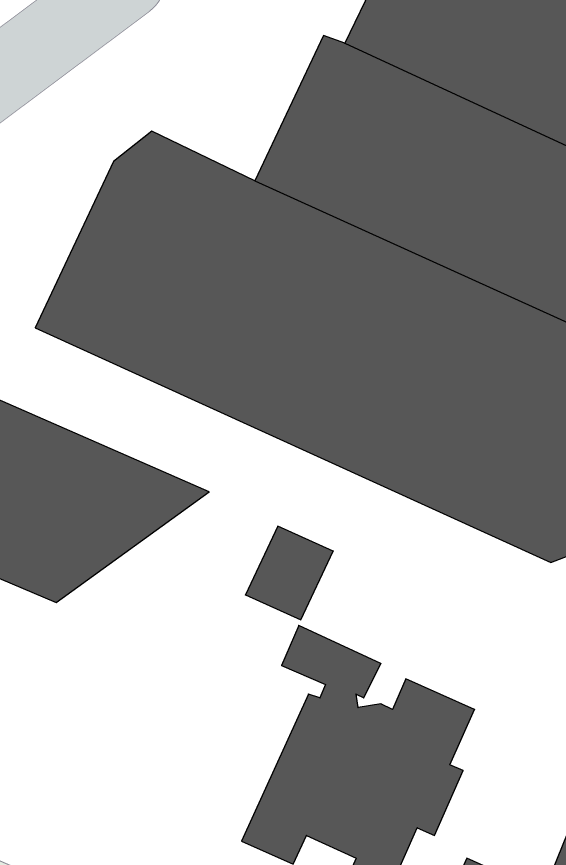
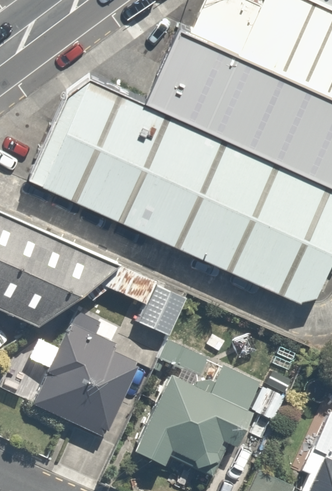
building: none -> [33,310,138,437]

